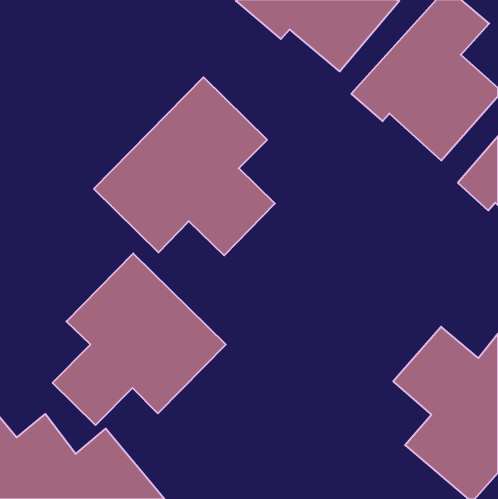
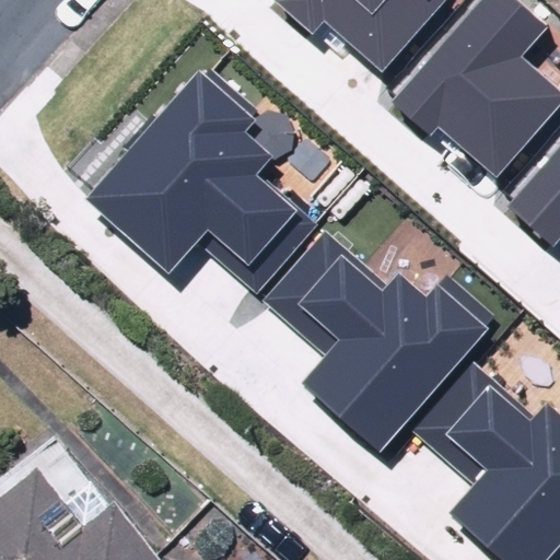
building: none -> [282,242,486,440]
building: [53,253,226,425] -> none

